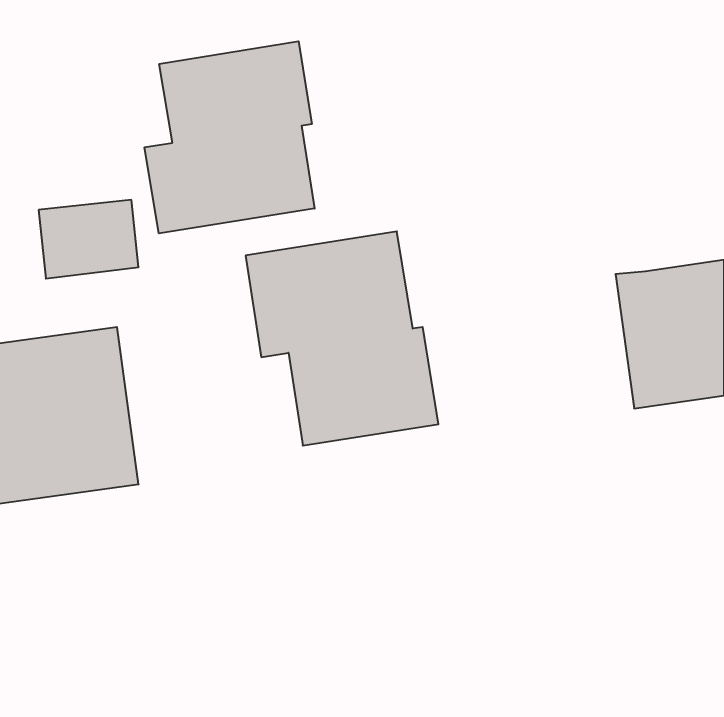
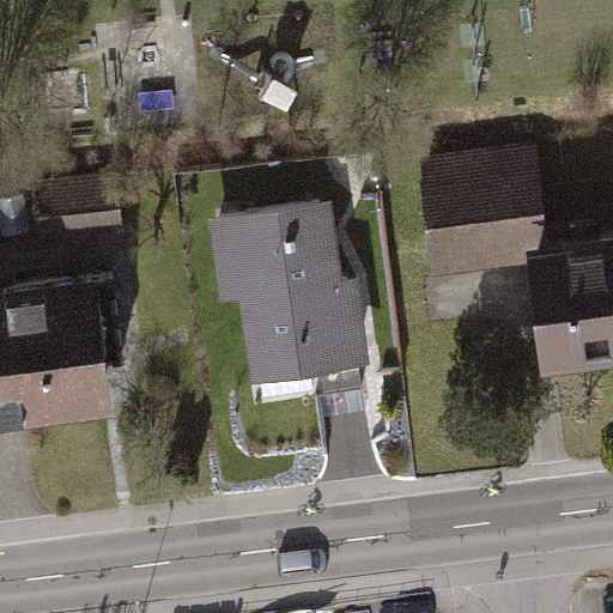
building: [145,41,315,233] -> none
building: none -> [412,146,541,251]

